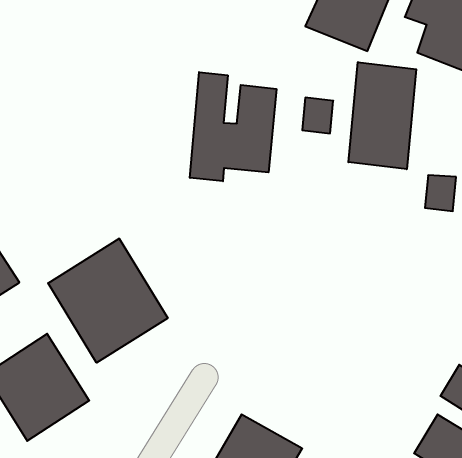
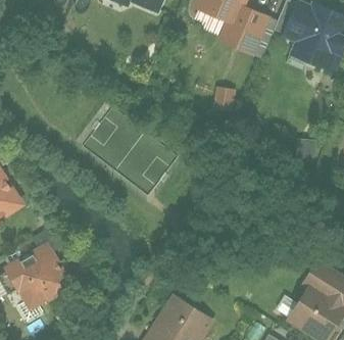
building: [348,62,416,169] -> none
building: [190,72,276,181] -> none
building: [48,238,168,363] -> none

